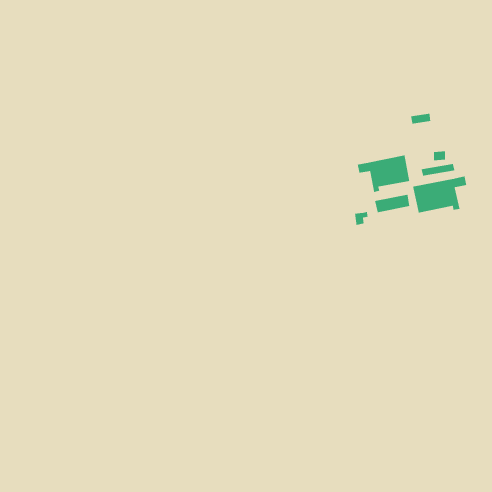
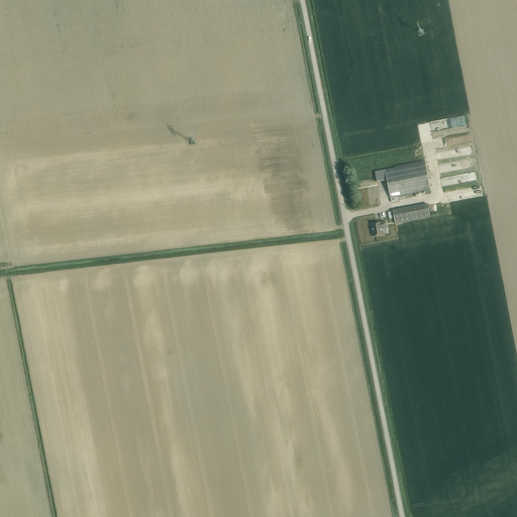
building: [412,176,467,214] -> none

